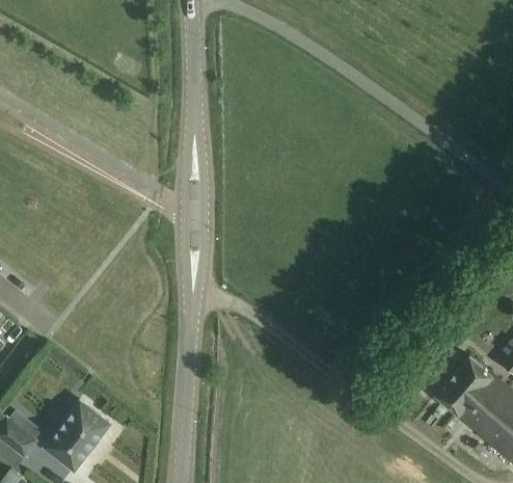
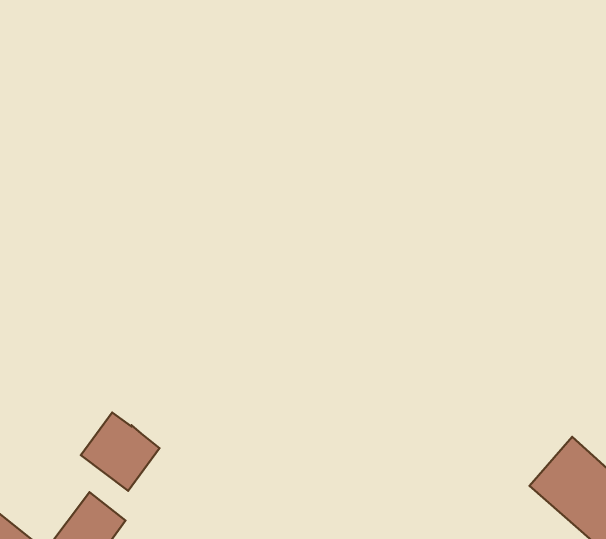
building: none -> [81,412,159,491]

